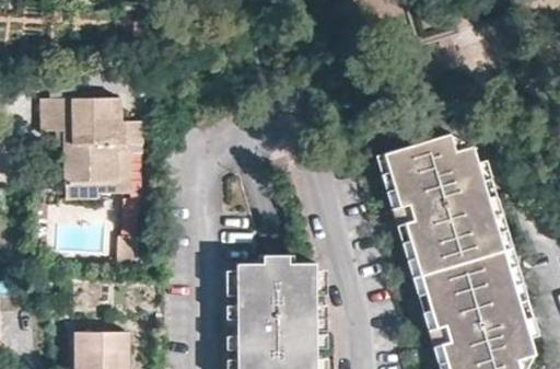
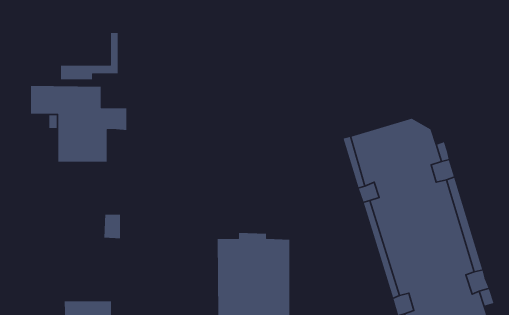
building: [69,147,131,198] -> [60,32,118,80]

